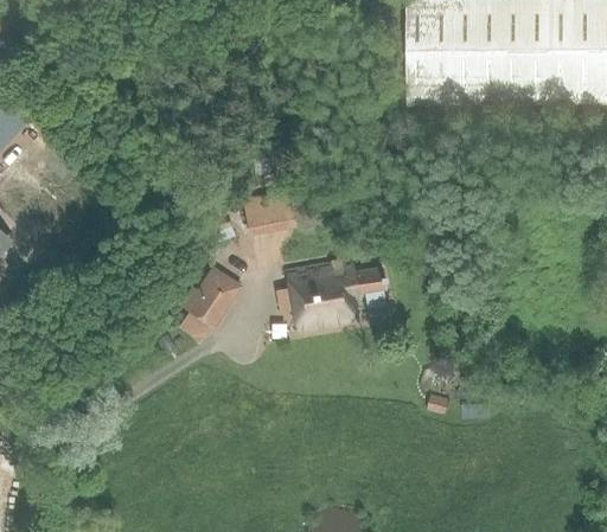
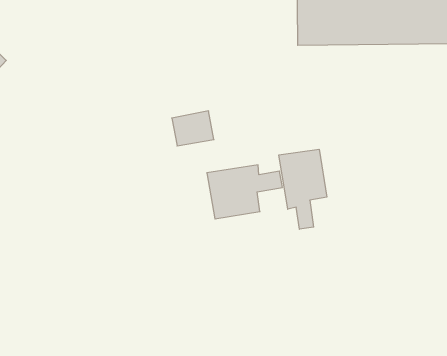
building: none -> [279,149,327,229]
building: [183,270,238,333] -> none

